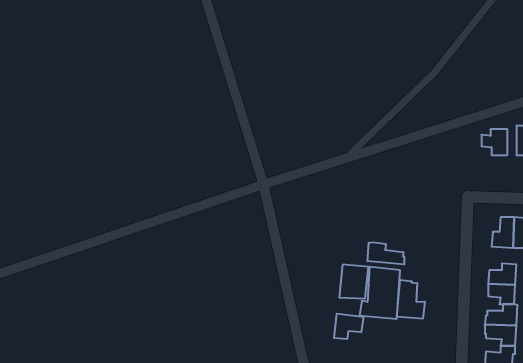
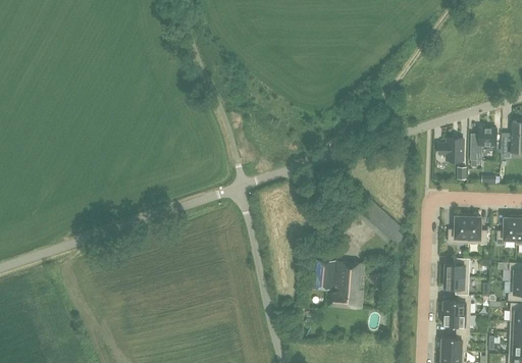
building: [368,242,404,265] -> none
building: [397,280,425,319] -> none
building: [334,314,364,339] -> none

